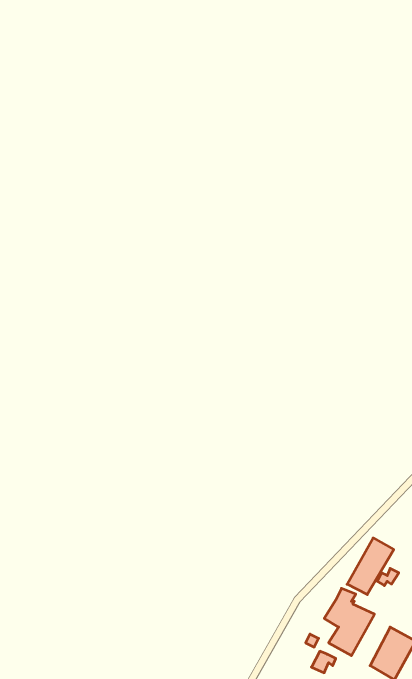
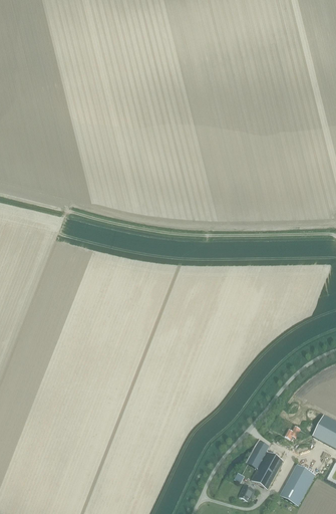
building: [347,538,394,595] -> none

